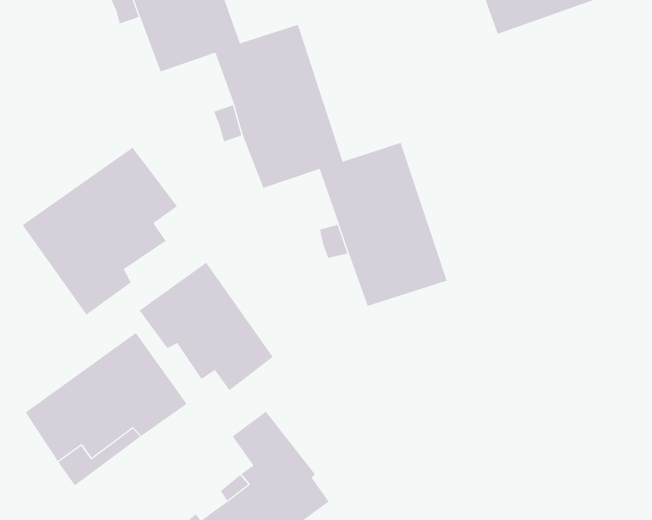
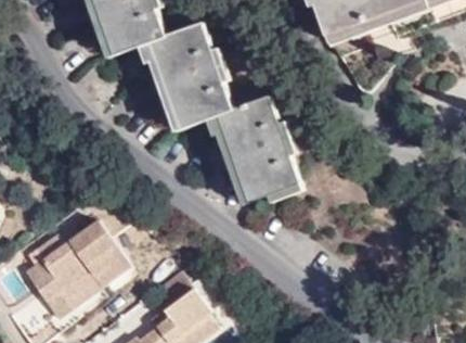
building: [22,147,178,316] -> none
building: [139,262,273,391] -> none

